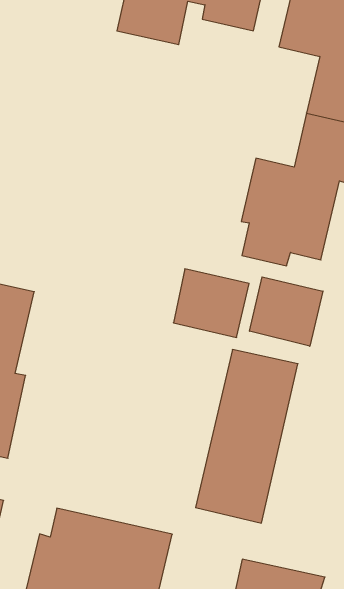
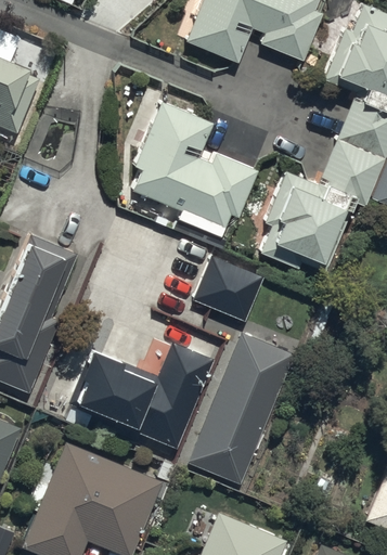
building: none -> [132,102,257,241]
building: [250,277,323,346] -> none
building: none -> [72,343,212,450]

